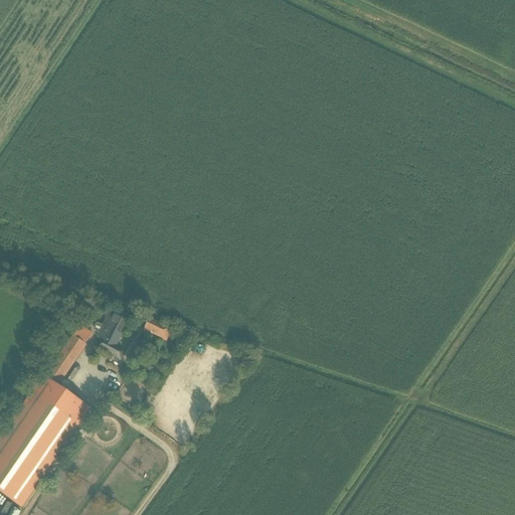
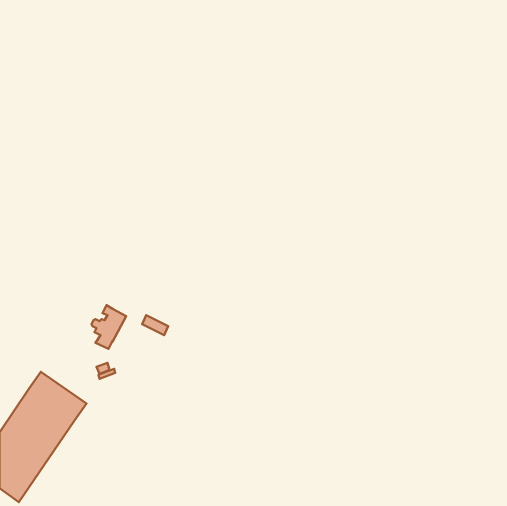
building: [43,324,91,385] -> none

